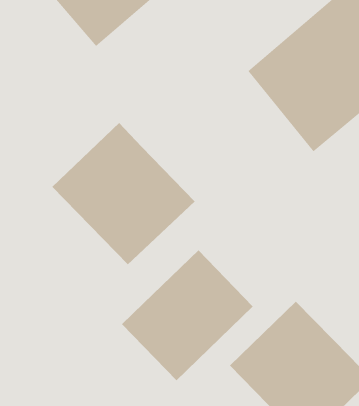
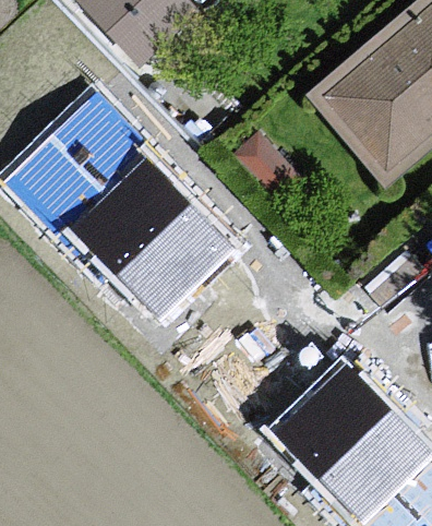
building: [121,250,254,381] -> none

